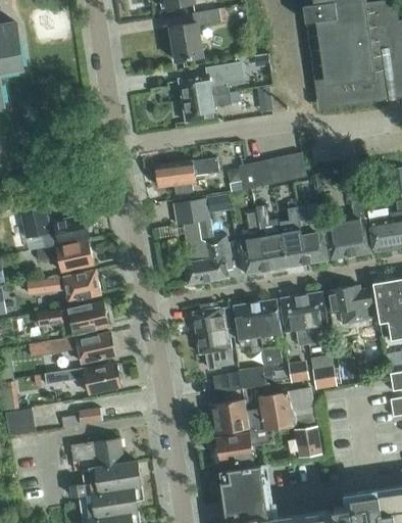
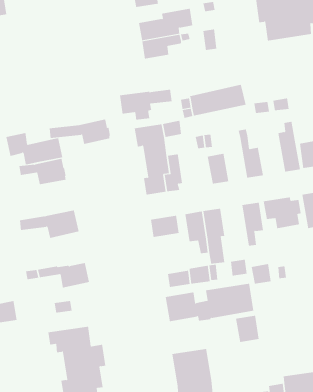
building: [281,206,307,267] -> none
building: [325,208,352,258] -> none
building: [240,237,266,274] -> none
building: [28,270,101,300] -> [49,119,111,145]
building: [281,294,309,345] -> none
building: [196,328,234,366] -> none
building: [29,332,115,363] -> none
building: [216,428,274,463] -> none

